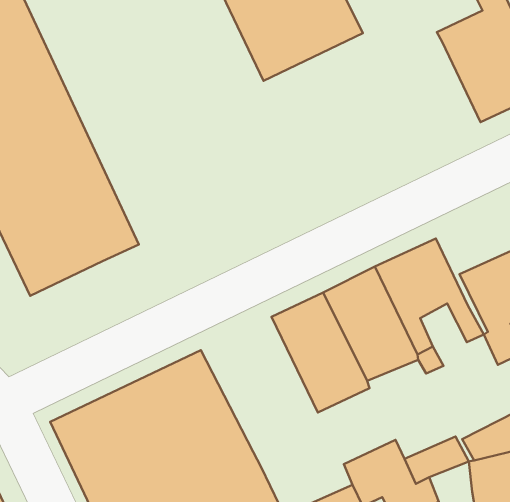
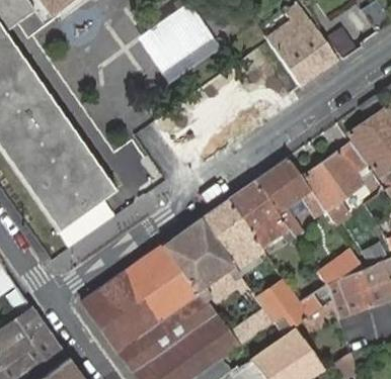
building: none -> [163,219,249,307]

